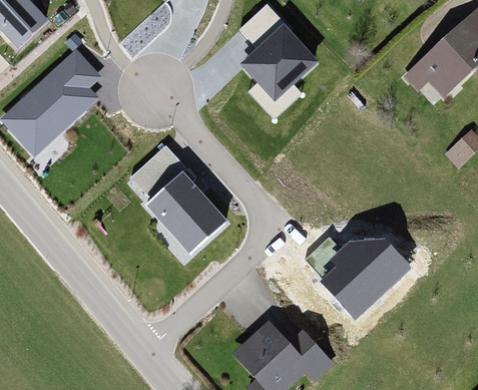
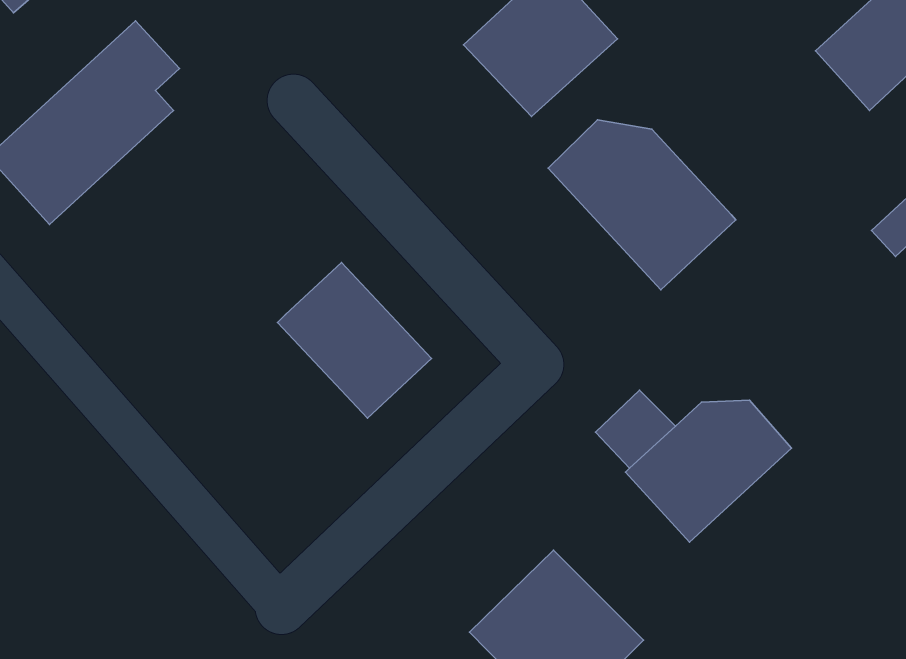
building: none -> [548,120,736,290]
building: [131,145,184,198] -> none

